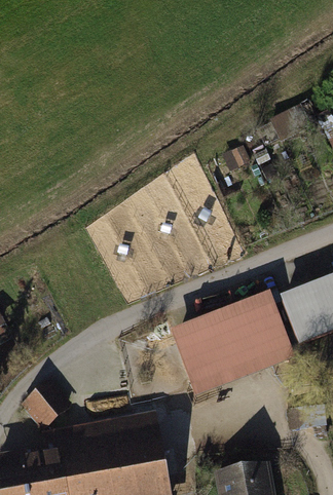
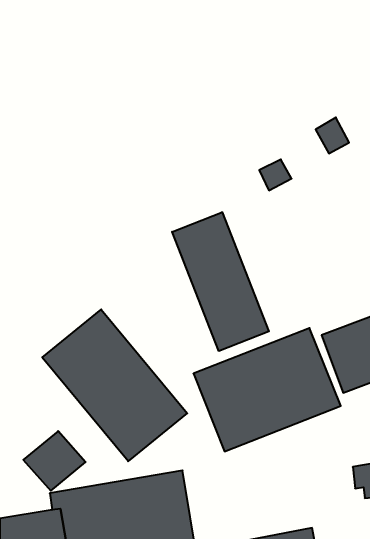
building: none -> [172,212,269,351]
building: none -> [42,309,187,461]

